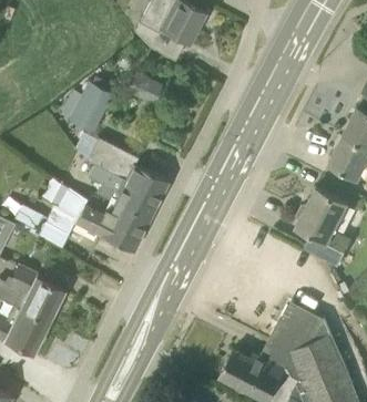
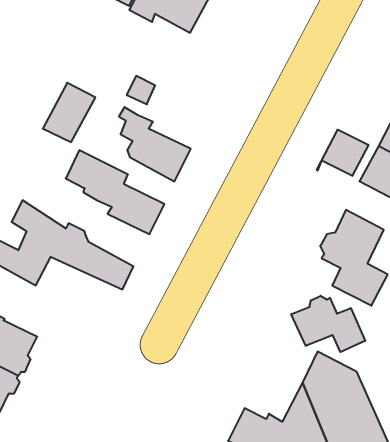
building: none -> [317,130,368,176]
building: [96,173,155,234] -> [119,107,191,181]
building: none -> [291,296,365,352]

